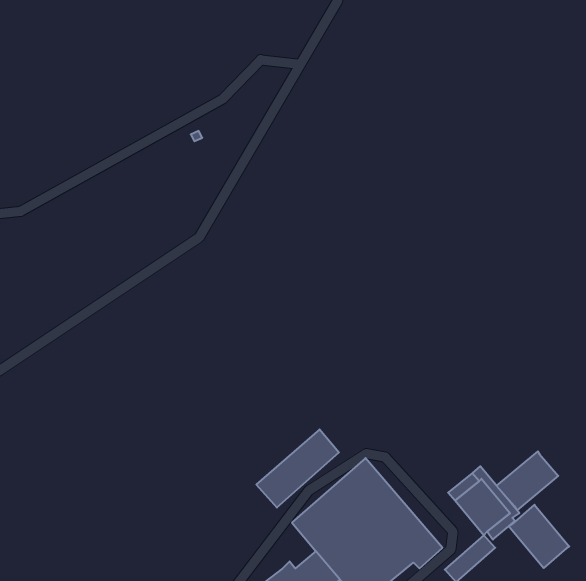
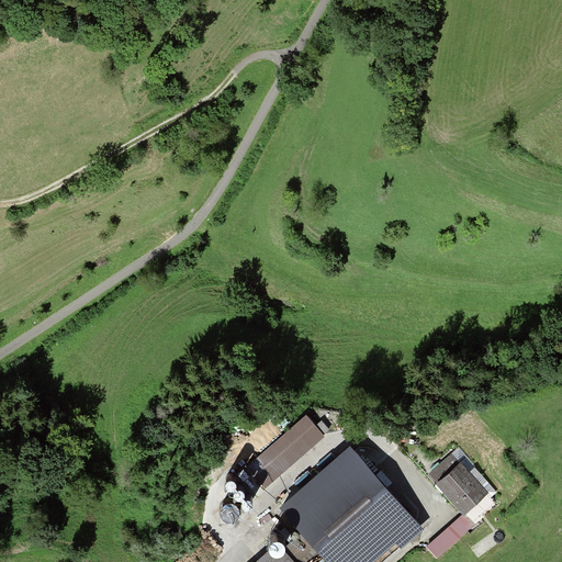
building: [497,451,558,510] -> none
building: [509,505,569,568] -> none

